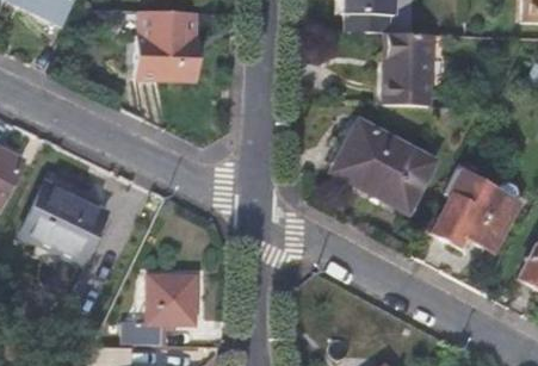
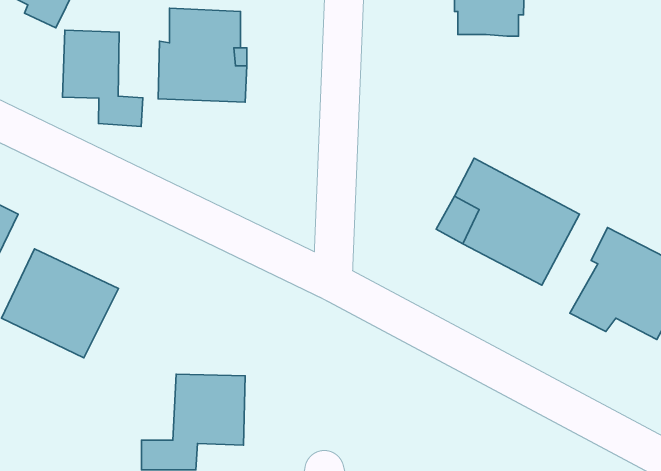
building: none -> [62,30,143,127]
building: [383,31,434,104] -> none

